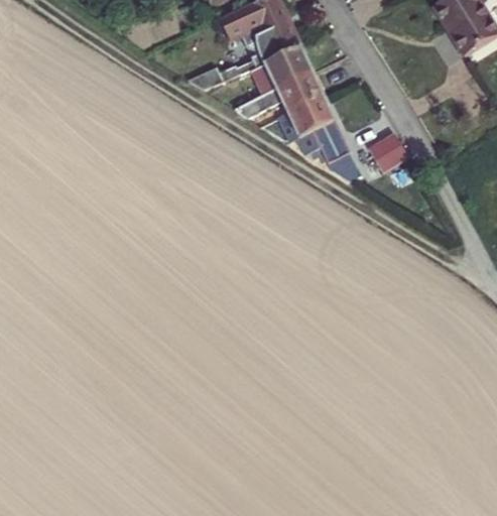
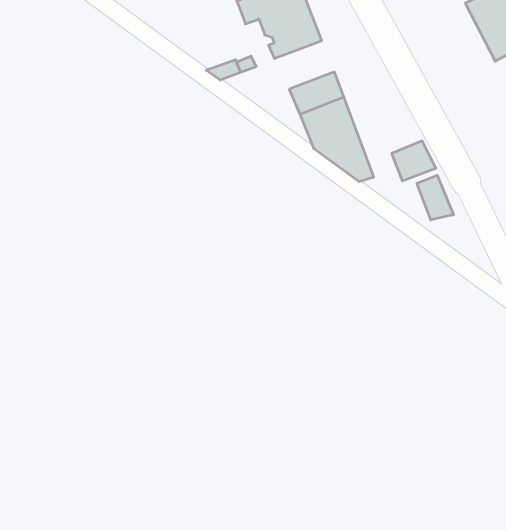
building: [261,46,315,93] -> none
building: none -> [417,175,453,220]

